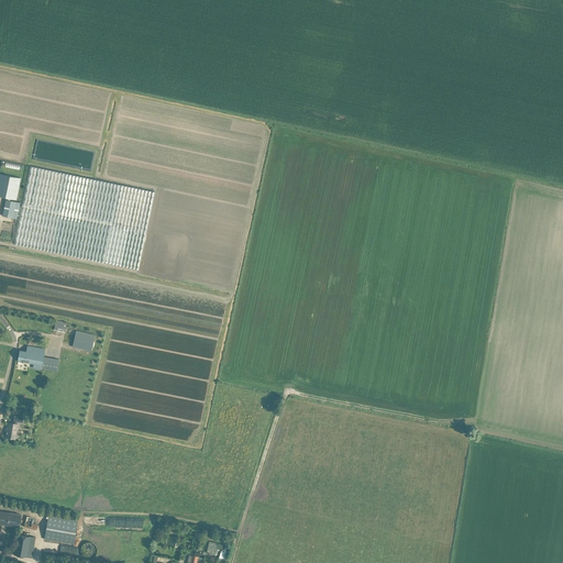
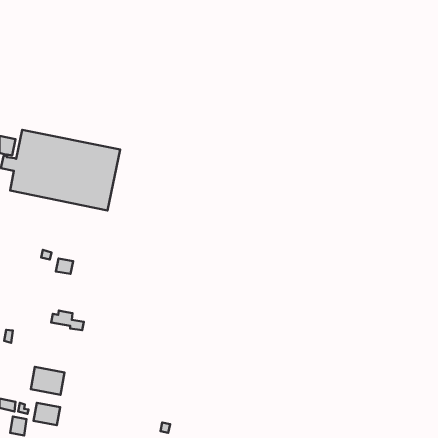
building: [16,346,58,372] -> [51,311,84,330]
building: none -> [31,367,65,395]

